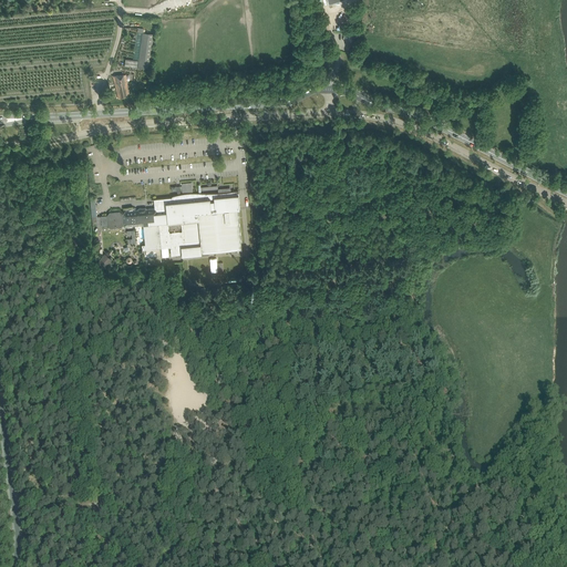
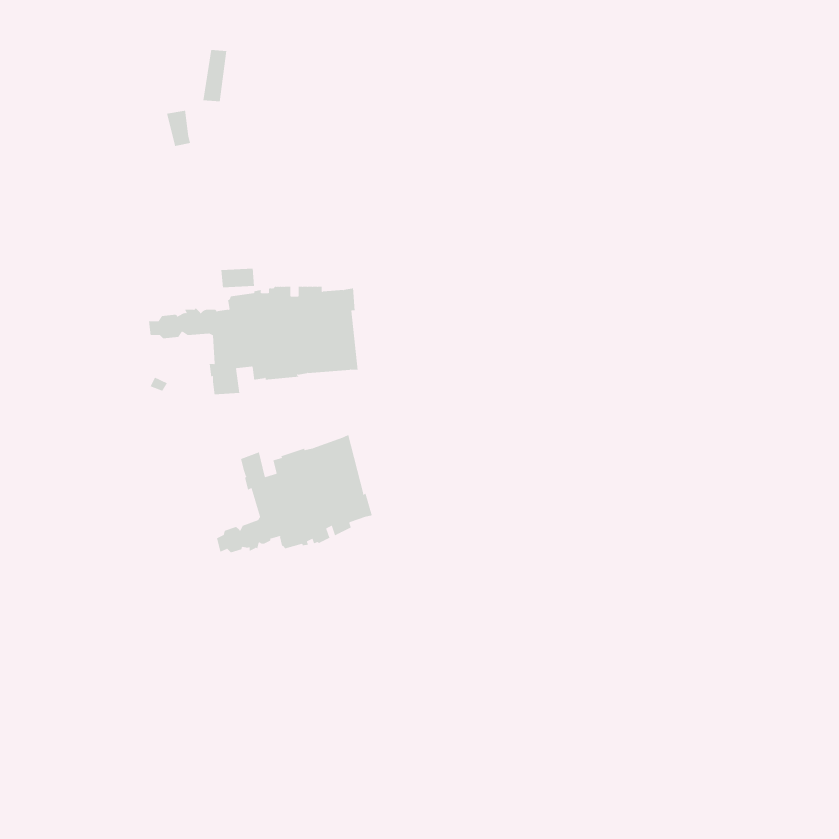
building: none -> [216,434,373,553]

